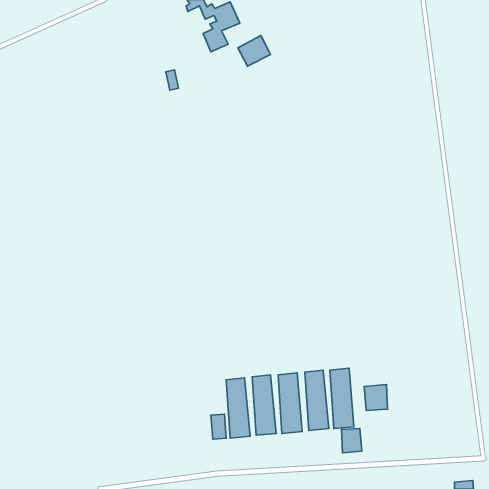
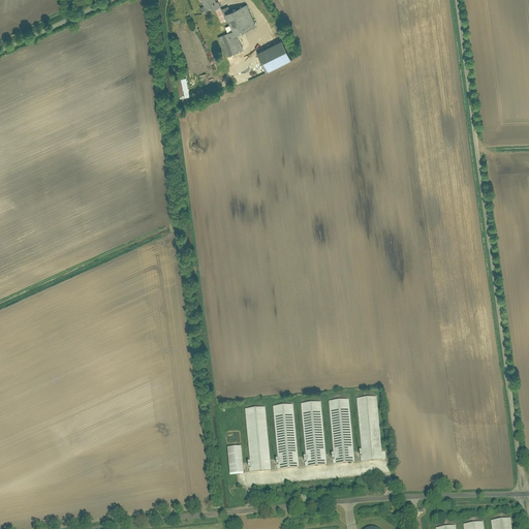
building: [364,385,387,410] -> none
building: [341,429,362,453] -> none

